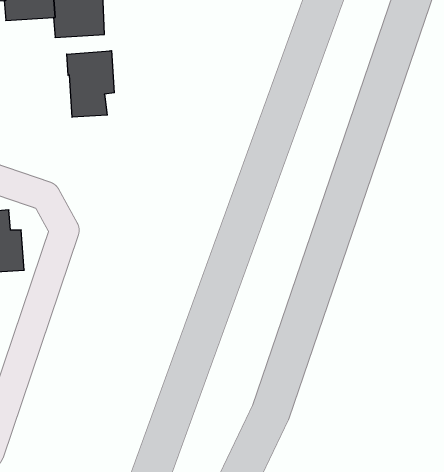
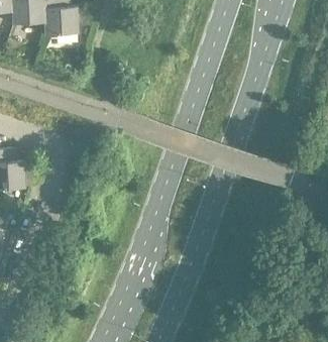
building: [67,51,114,117] -> none

